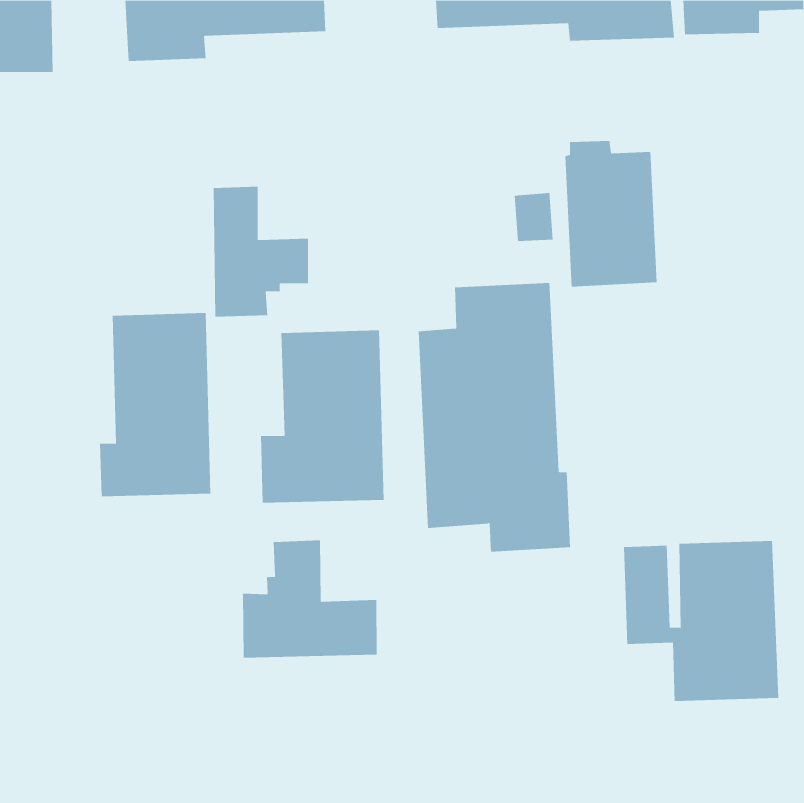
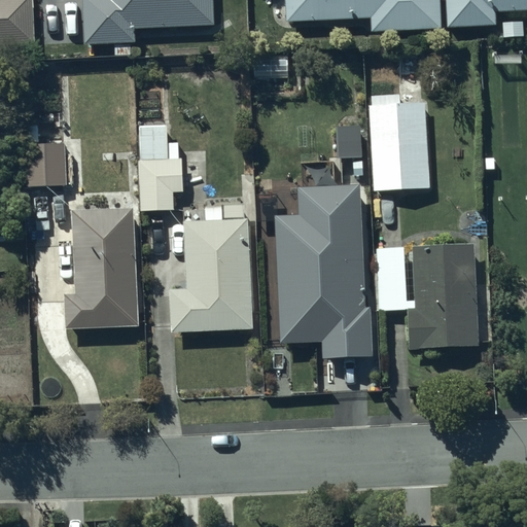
building: none -> [27,142,65,184]
building: [242,539,377,658] -> none
building: [623,540,779,701] -> [376,242,478,347]

